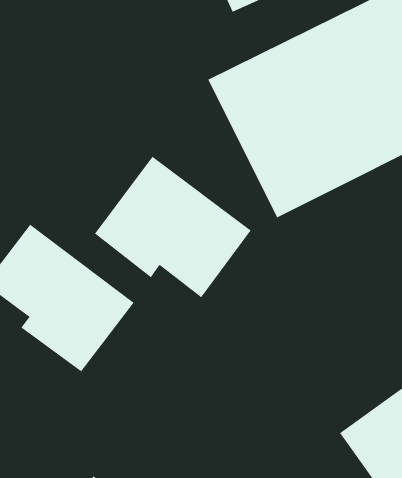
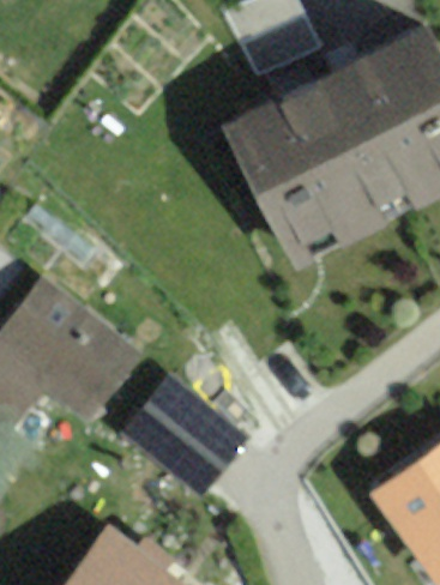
building: [94,156,252,298] -> none
building: none -> [131,380,236,482]

